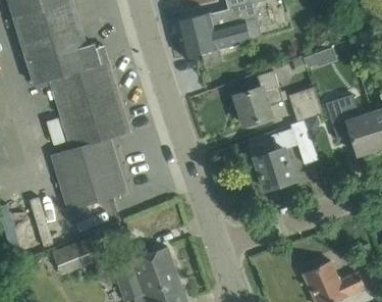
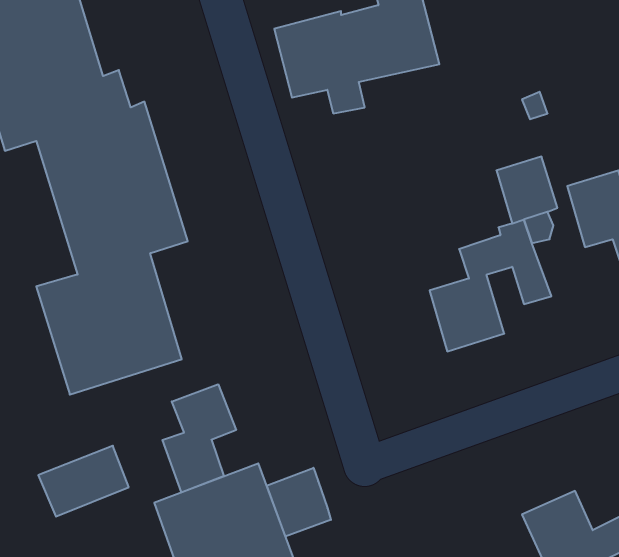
building: [234,70,283,125] -> none
building: none -> [162,384,236,492]
building: none -> [267,468,331,536]

